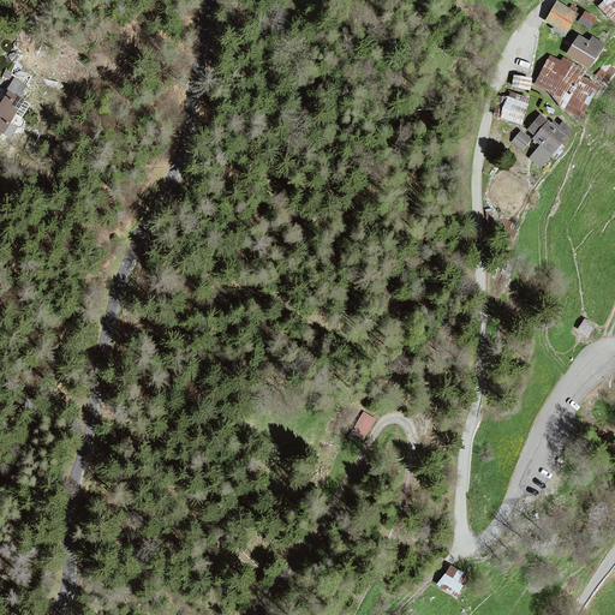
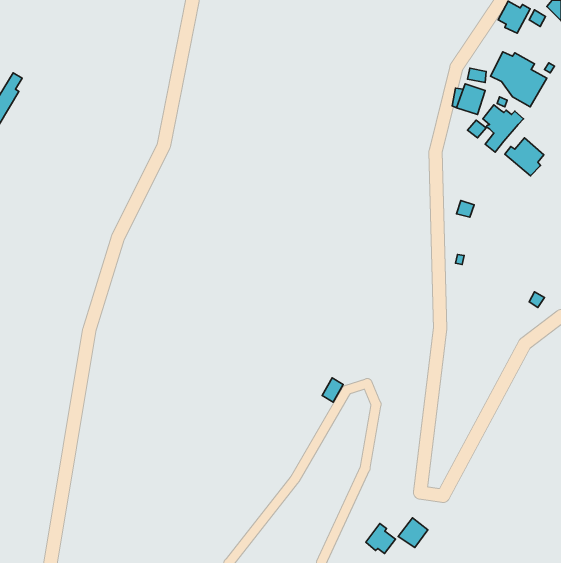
building: [567,35,603,67] -> none
building: none -> [505,138,544,176]
building: none -> [366,523,395,553]

